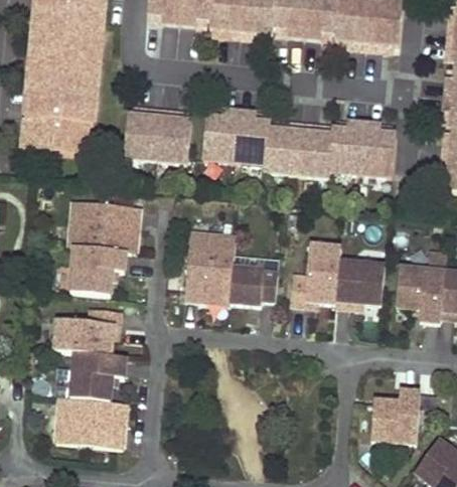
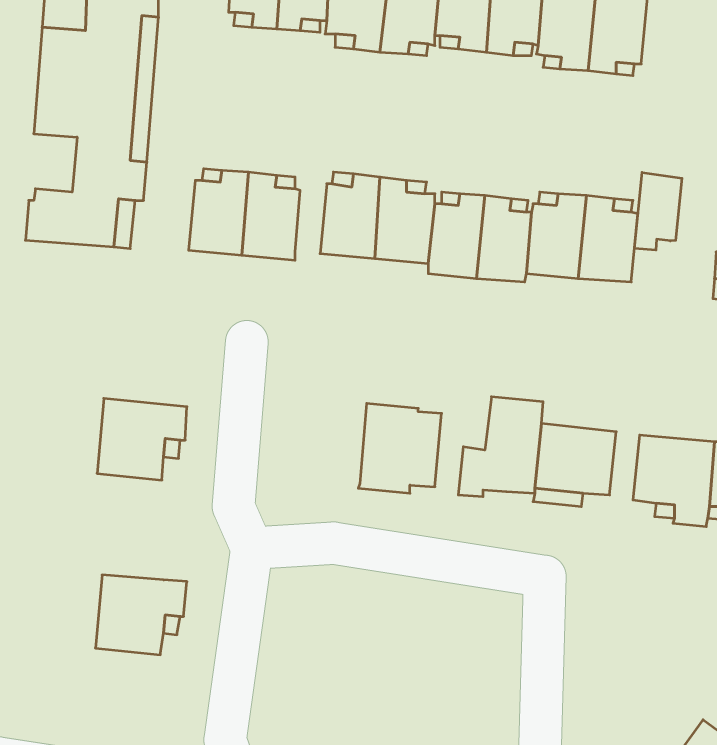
building: [29,86,58,126] -> none
building: none -> [635,172,682,250]
building: [67,200,138,252] -> none
building: [183,231,236,299] -> none
building: [54,308,120,355] -> none
building: [370,391,420,444] -> none
building: [56,396,124,447] -> none

